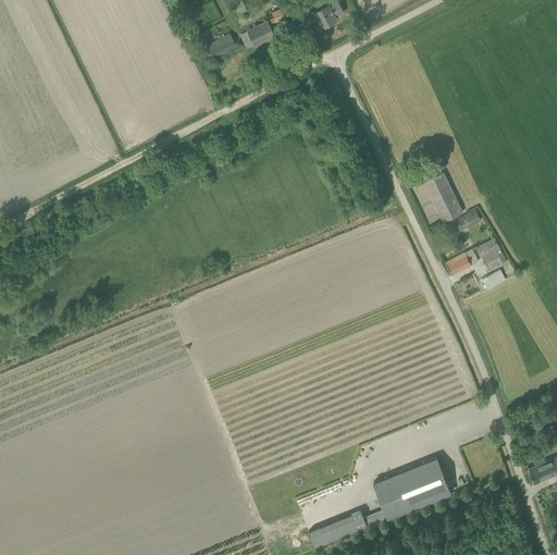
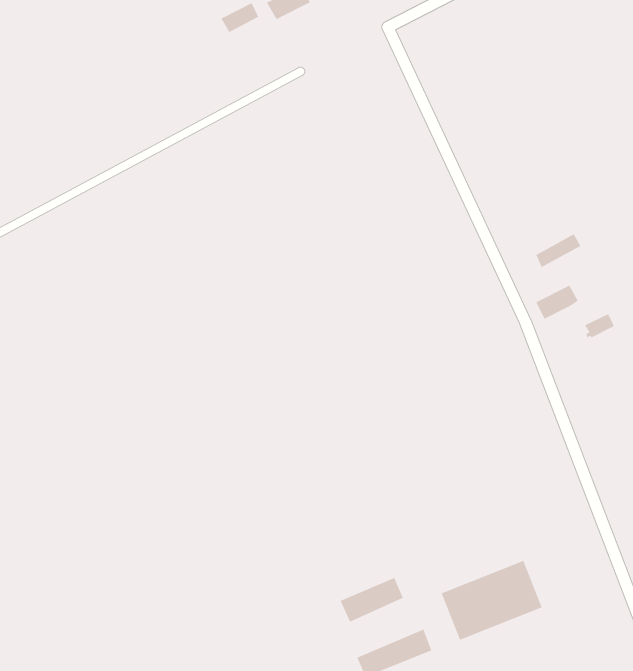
building: [423,173,462,222] -> none
building: [475,238,505,272] -> none
building: none -> [340,577,404,623]

